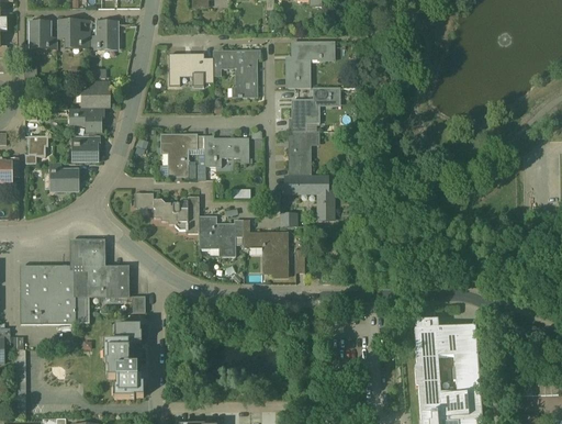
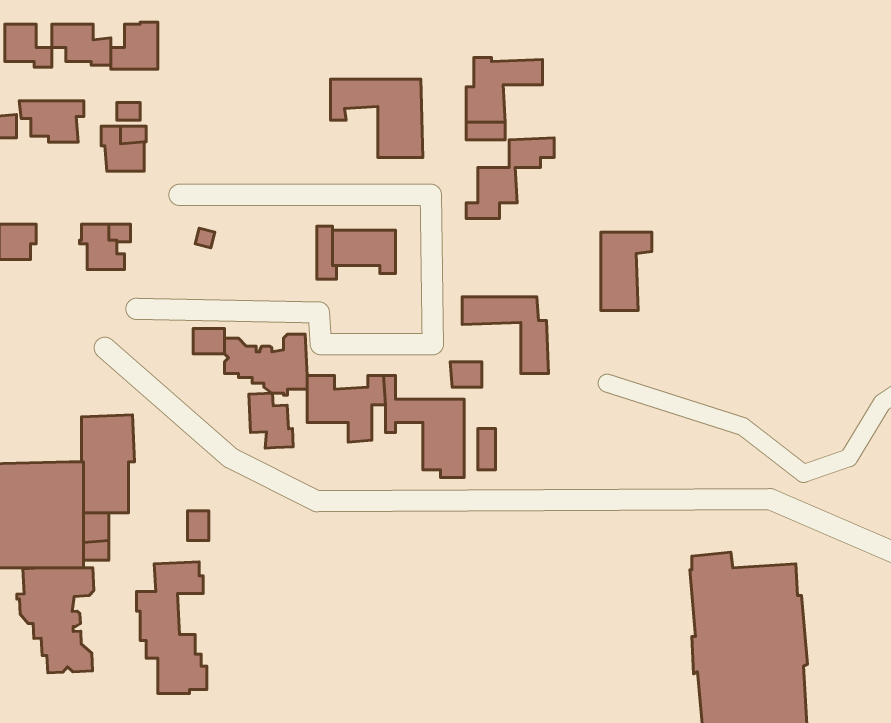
building: [169,54,213,86] -> none
building: [69,108,105,131] -> [19,101,84,142]
building: [289,132,317,176] -> [601,232,652,311]
building: [160,133,198,177] -> none
building: [52,163,78,189] -> none
building: none -> [249,393,293,448]
building: [100,268,127,297] -> none
building: none -> [17,568,94,673]

